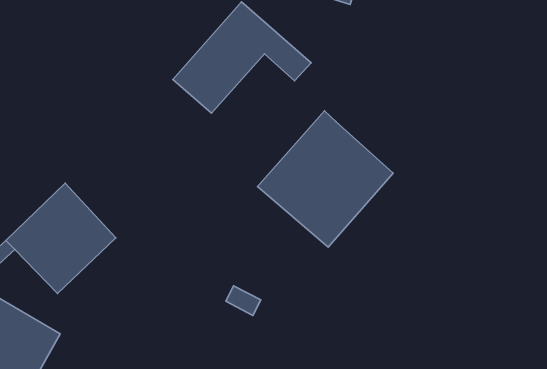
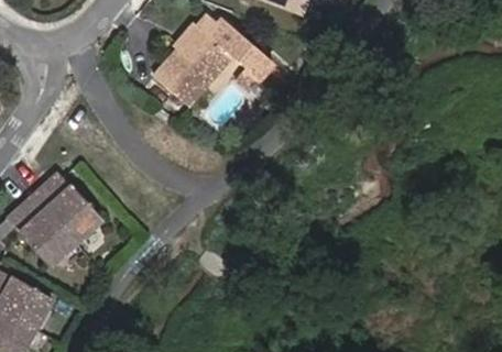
building: [258,111,393,247] -> none

